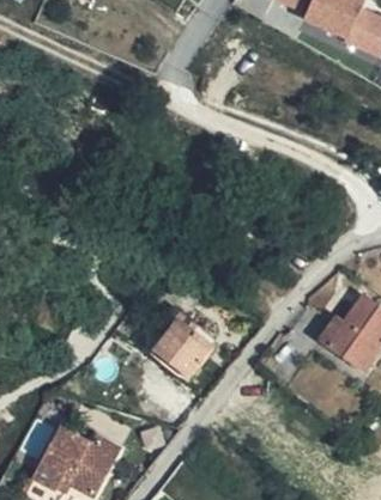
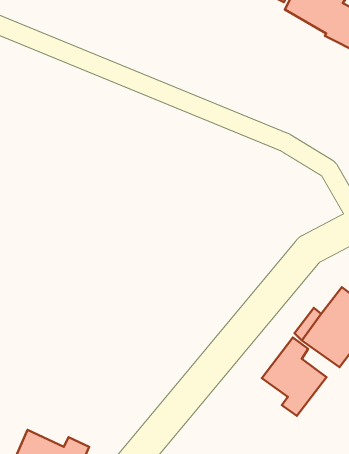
building: [149,319,207,378] -> none
building: none -> [262,337,326,416]

